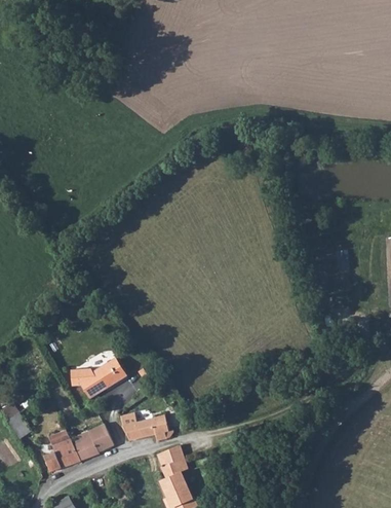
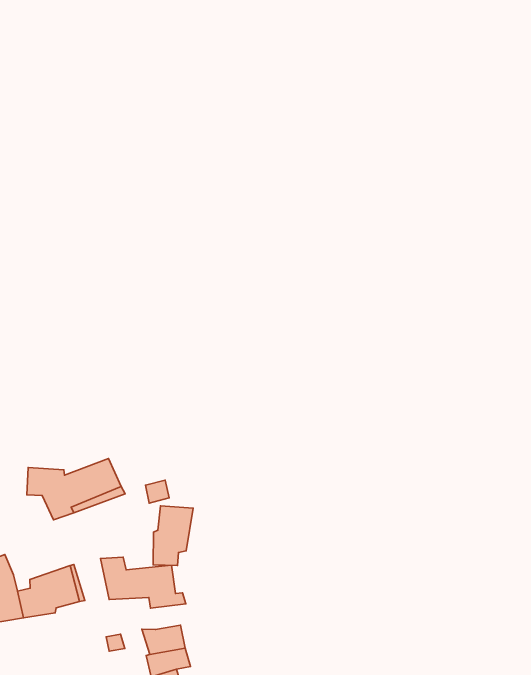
building: none -> [153,506,193,565]

